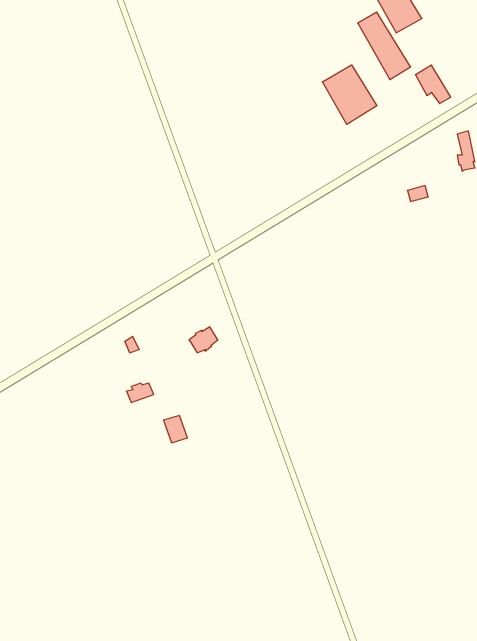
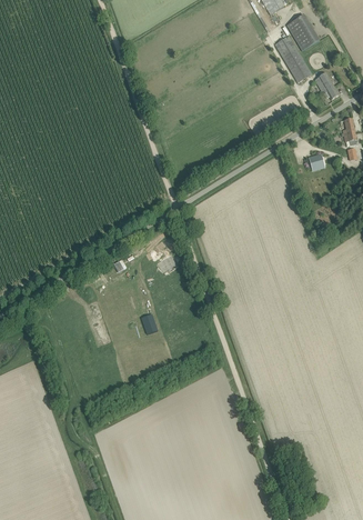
building: [322,65,377,124] -> none

